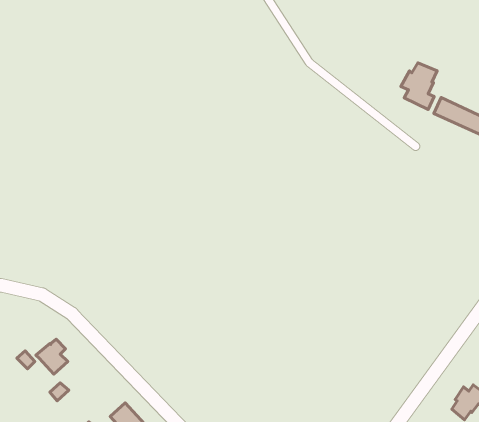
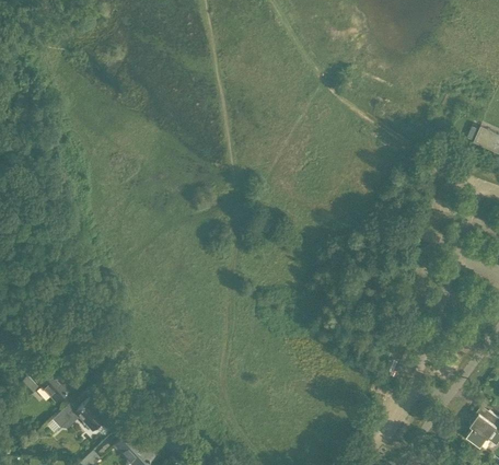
building: [401,63,437,109] -> none
building: none -> [73,397,107,429]

